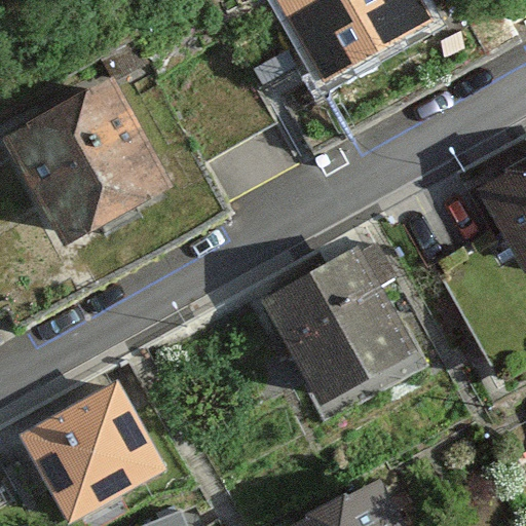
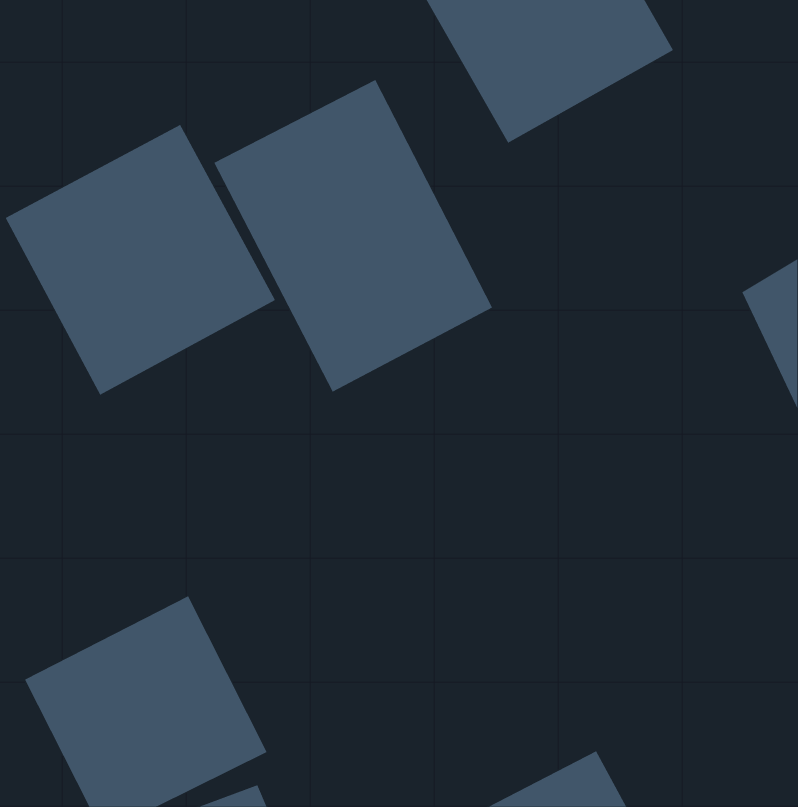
building: none -> [214,79,493,392]
building: [258,242,425,410] -> none

